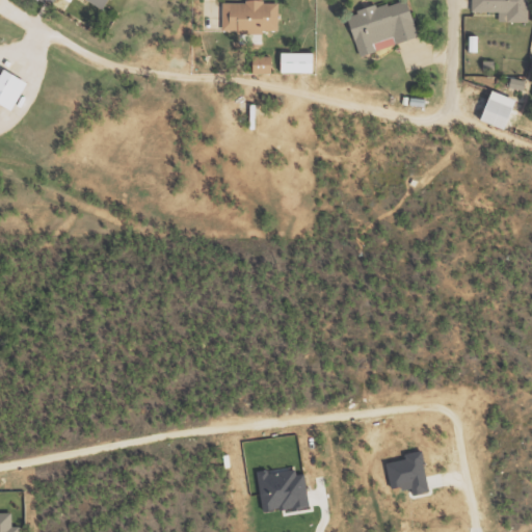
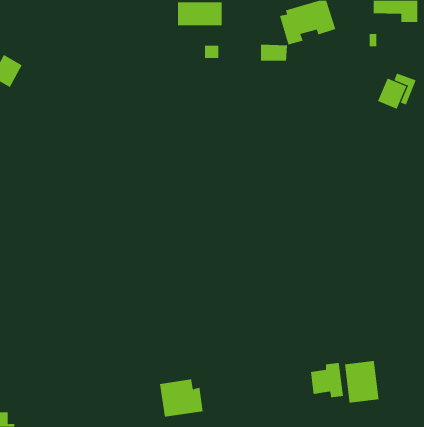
building: [281,52,315,73] -> [260,44,288,61]
building: none -> [344,360,379,404]
building: [254,464,309,512] -> [159,379,204,417]

